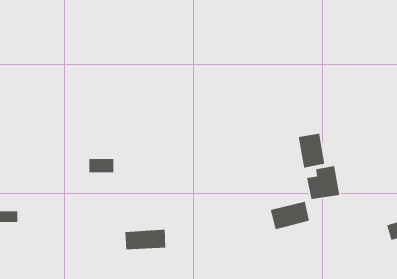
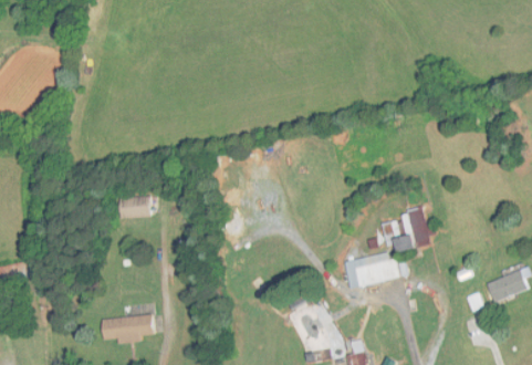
building: [298,133,325,169] -> none
building: [124,229,166,250] -> [102,315,154,342]

